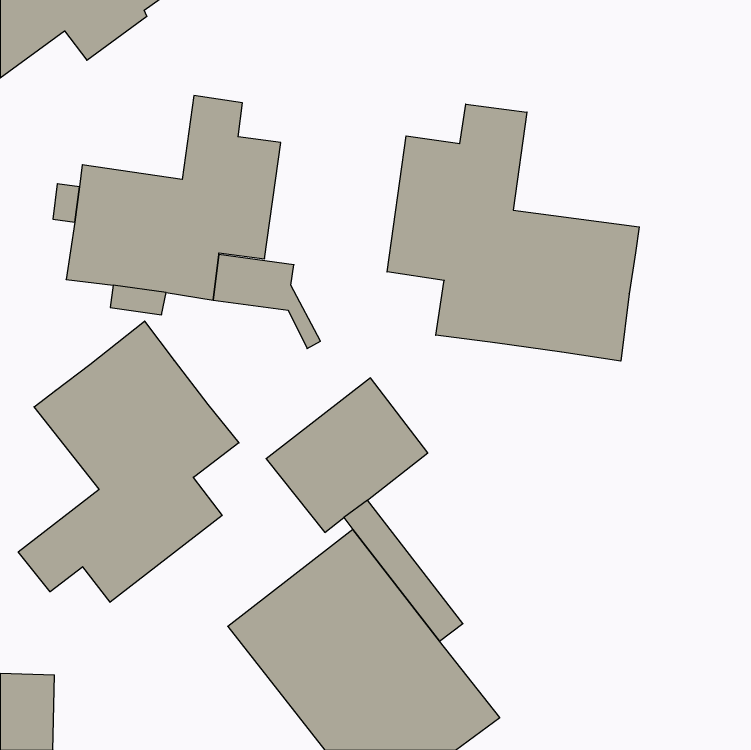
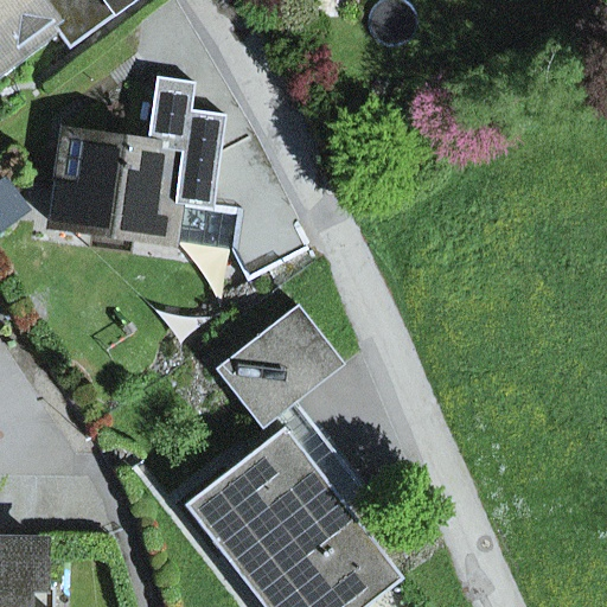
building: [387,104,639,361] -> none
building: [18,321,239,602] -> none

